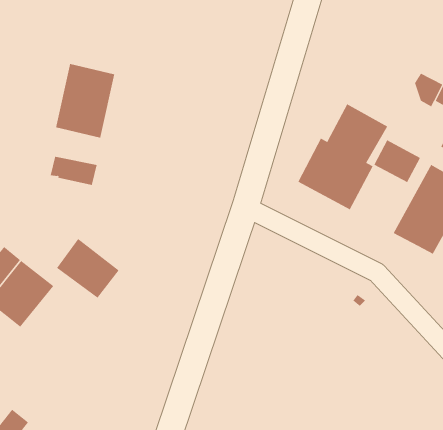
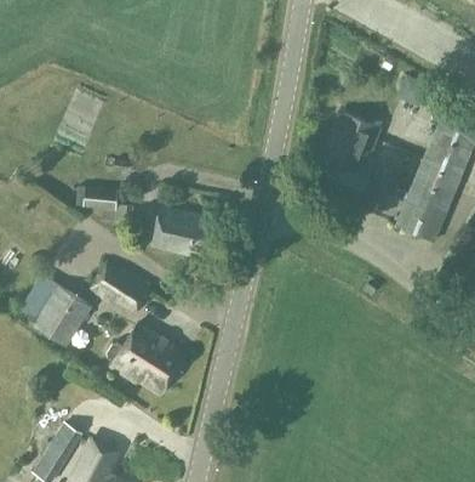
building: [56,63,115,138] -> none
building: none -> [153,208,218,260]
building: none -> [107,324,185,395]

